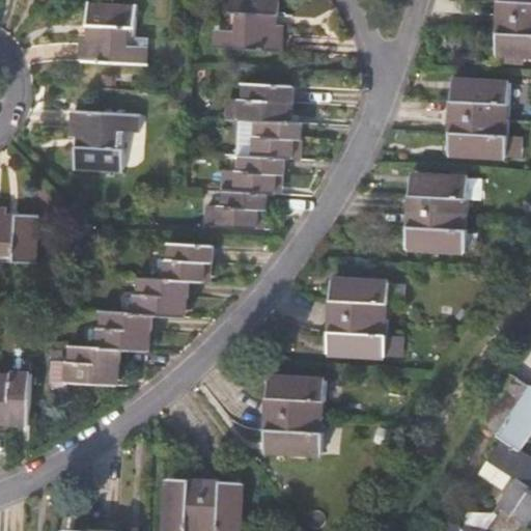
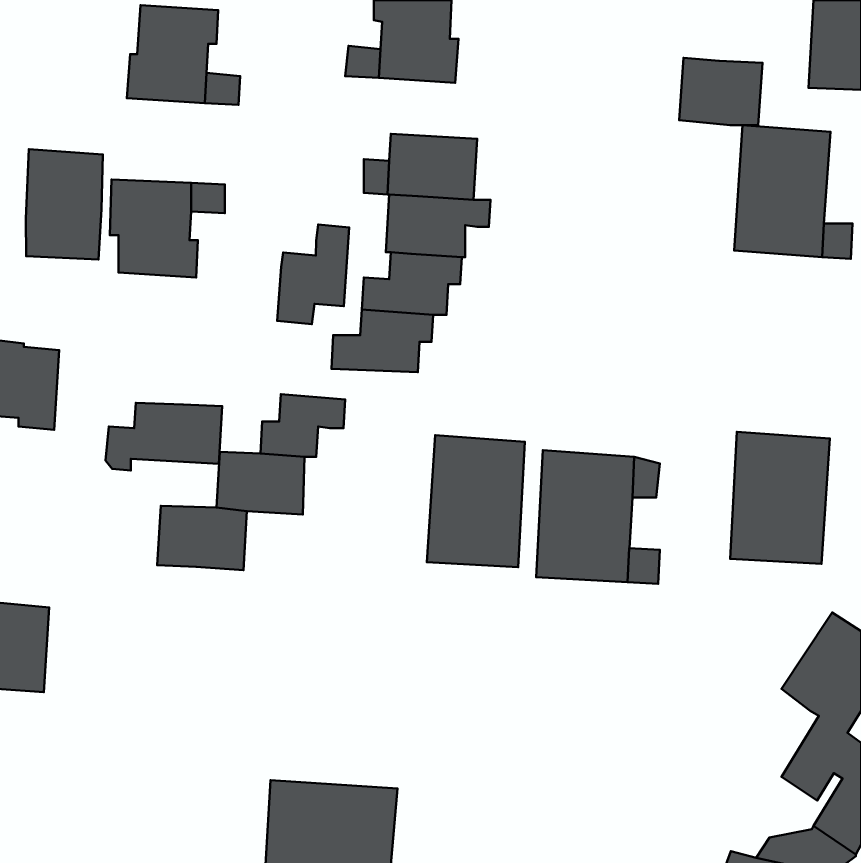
building: none -> [679,58,762,125]
building: none -> [26,149,103,259]
building: none -> [277,224,349,324]
building: [408,172,469,253] -> [730,432,830,564]
building: [49,346,120,388] -> [106,403,222,471]
building: [264,374,325,455] -> [427,435,525,567]

